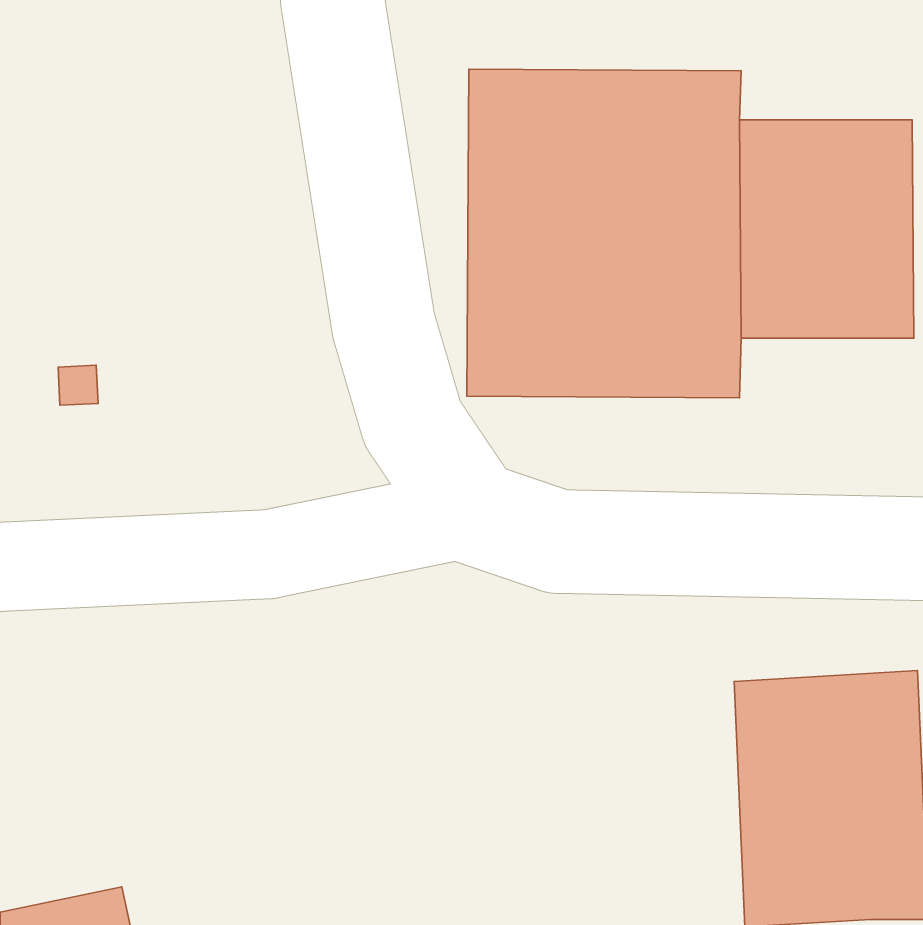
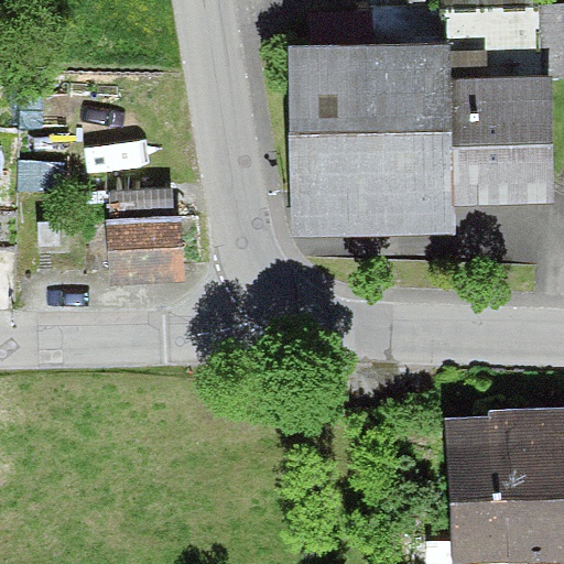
building: none -> [122,210,192,280]

